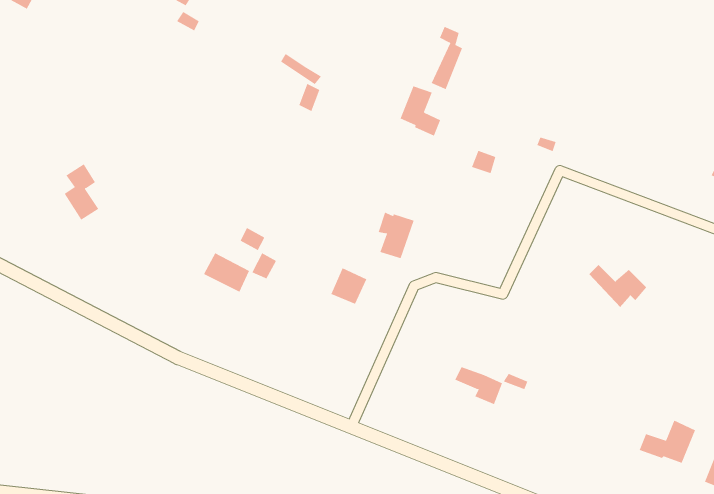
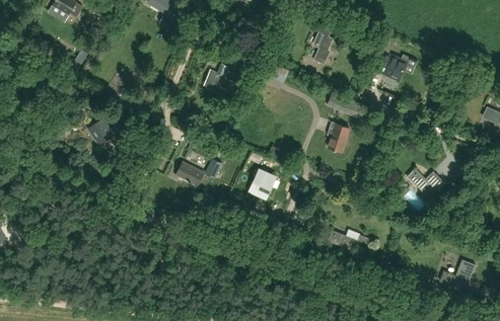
building: none -> [377,53,407,79]
building: [400,86,441,136] -> none
building: none -> [205,63,232,97]
building: [378,212,415,259] -> [327,124,349,152]

